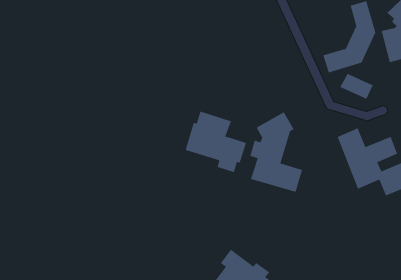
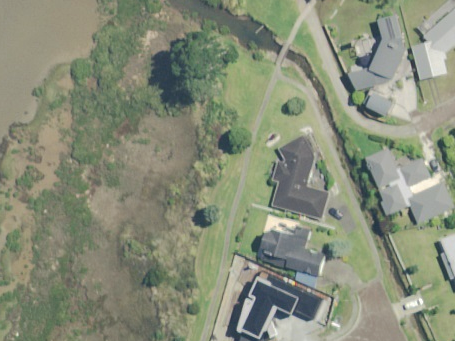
building: [185,111,247,173] -> [260,219,326,285]

